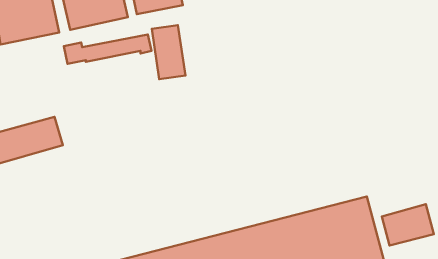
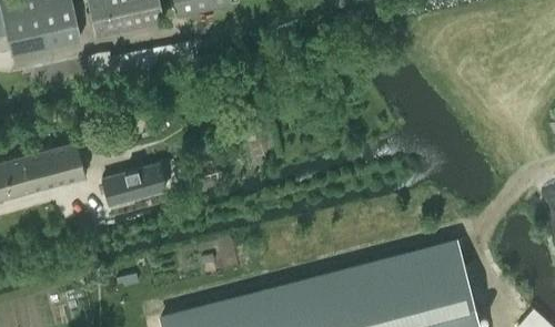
building: [152,25,185,79] -> none
building: none -> [103,166,168,206]
building: [382,204,434,246] -> none

